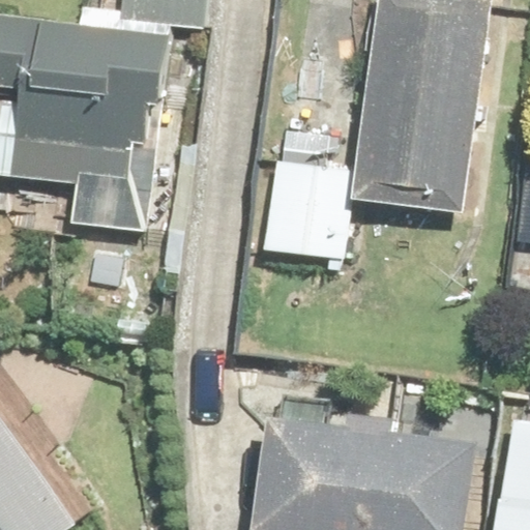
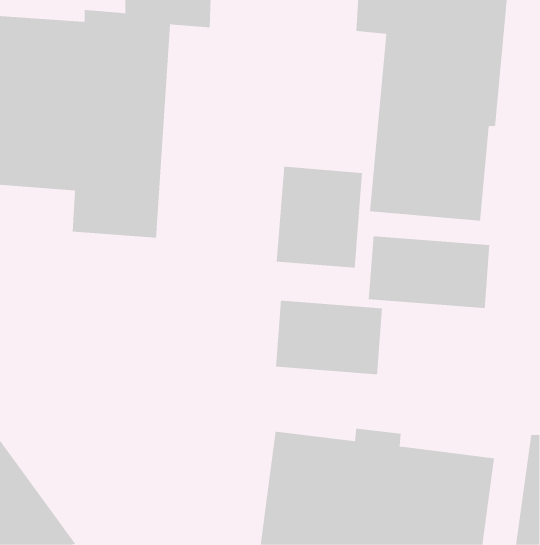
building: none -> [368,235,490,309]
building: none -> [276,300,383,375]

